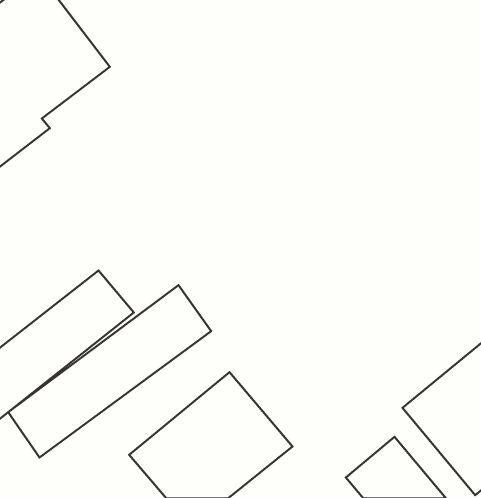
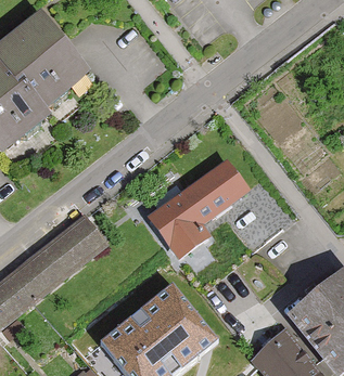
building: none -> [148,158,247,255]
building: [8,285,211,457] -> none

